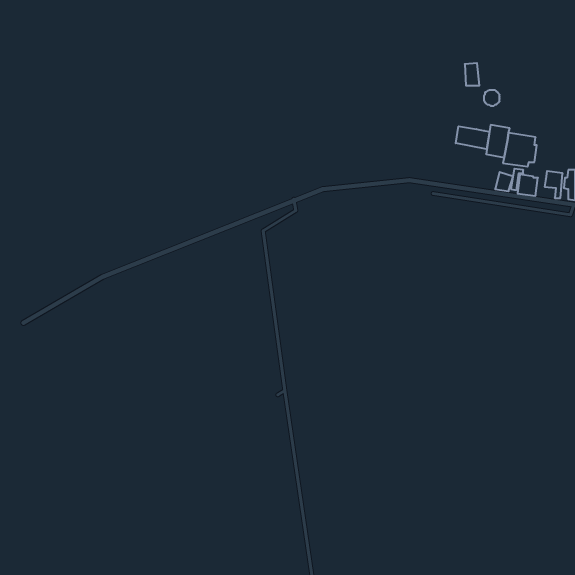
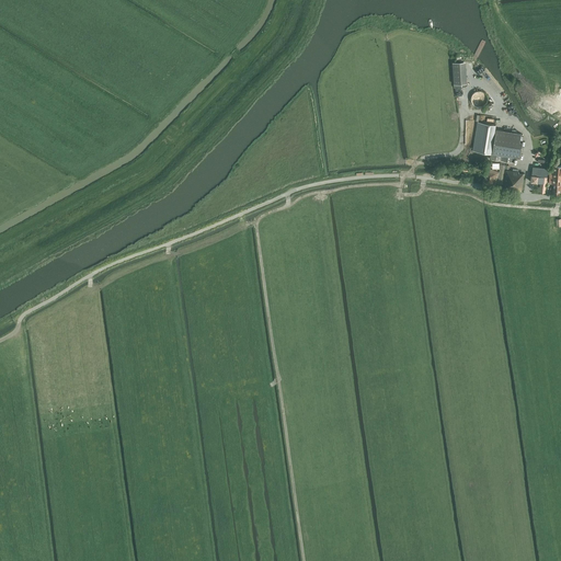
building: [456,126,490,149] -> none

